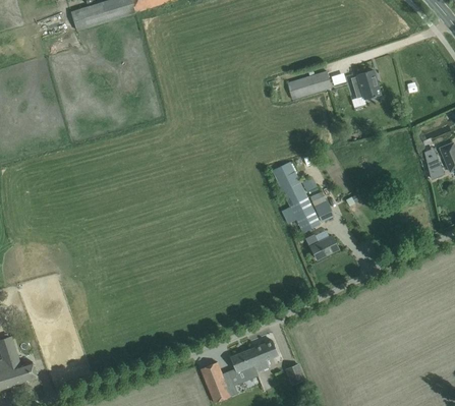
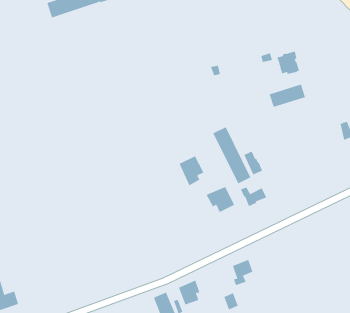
building: [286,71,331,100] -> [269,84,306,107]
building: none -> [179,156,204,186]
building: none -> [206,186,235,213]
building: [251,340,277,372] -> [232,259,253,286]

